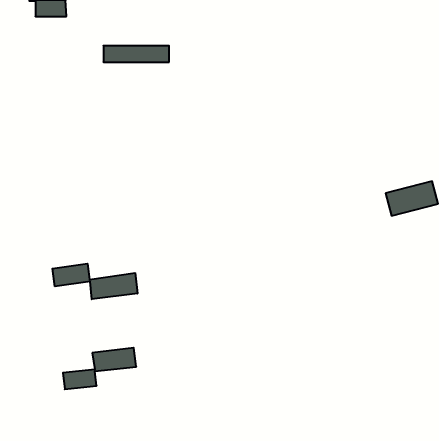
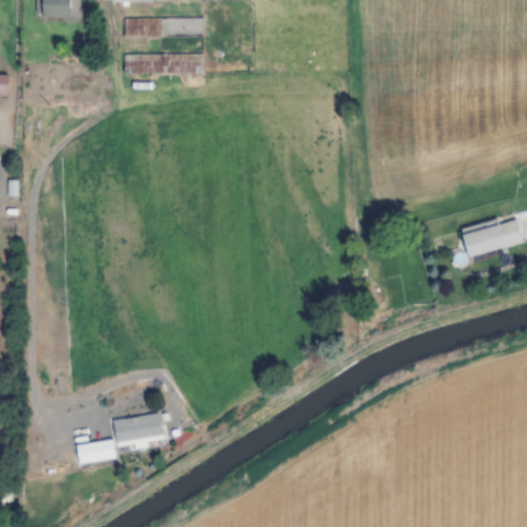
building: none -> [126,19,205,36]
building: [52,264,137,299] -> none

